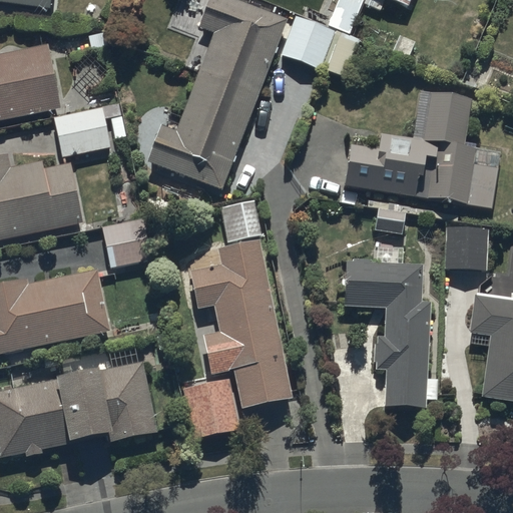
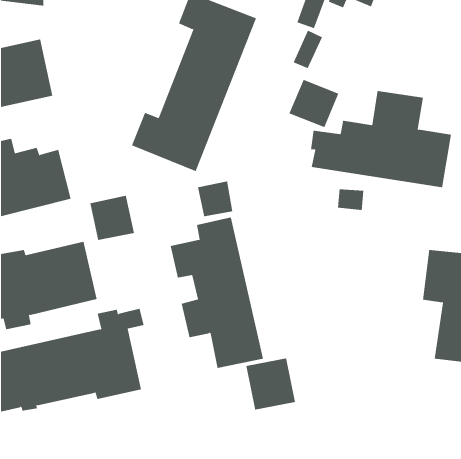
building: [280,16,336,70] -> [289,79,339,128]
building: [53,104,117,157] -> none
building: [445,224,489,270] -> none
building: [345,260,439,408] -> none
building: [182,381,238,439] -> [245,358,296,410]

